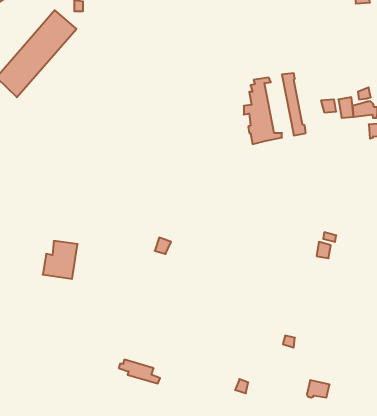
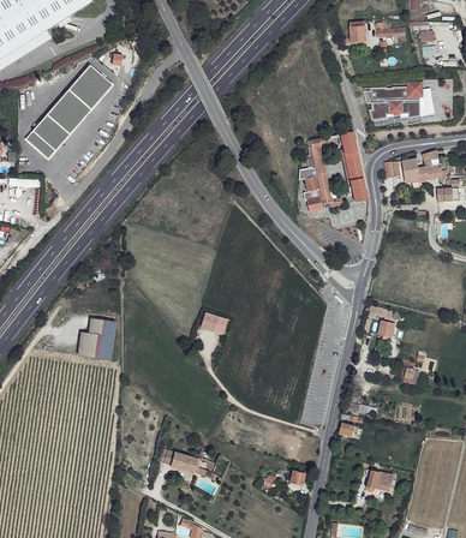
building: none -> [362,80,423,120]

